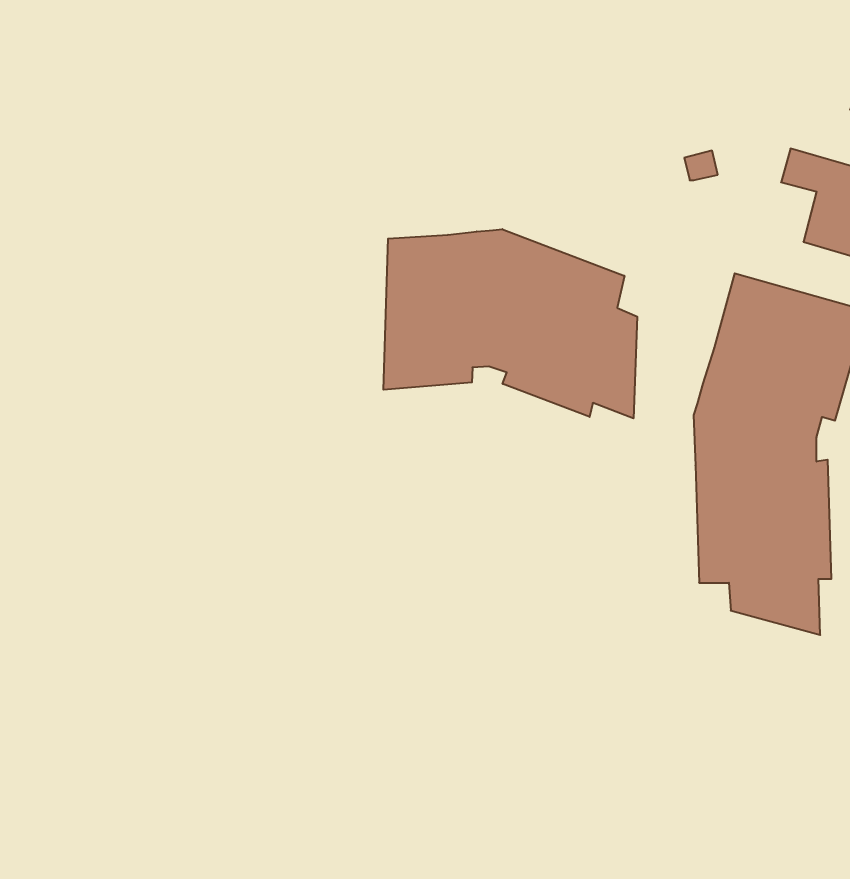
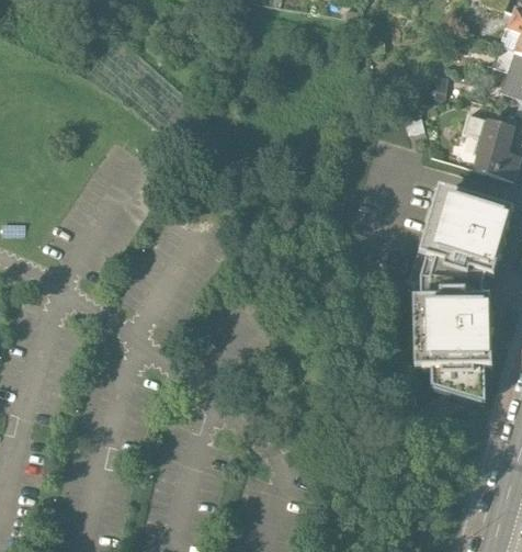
building: [383,229,637,418] -> none

